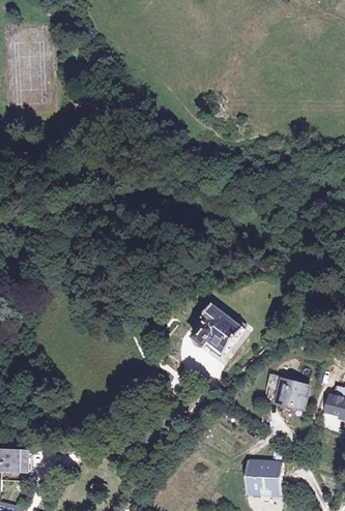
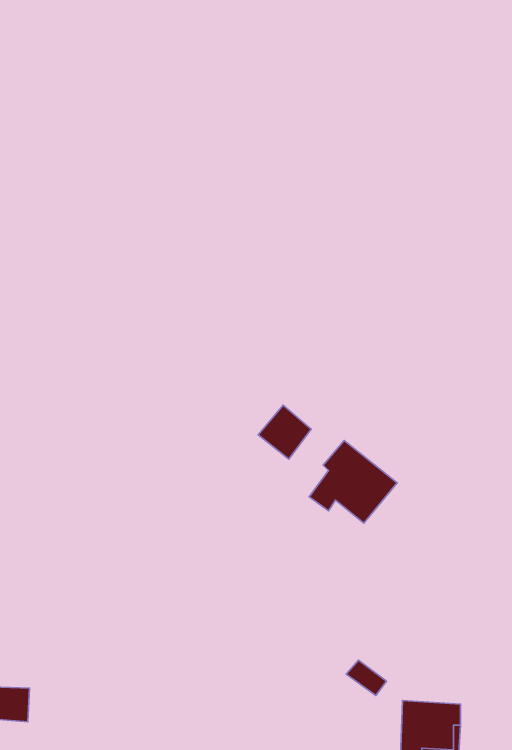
building: none -> [258,405,311,459]
building: [278,380,308,408] -> none

